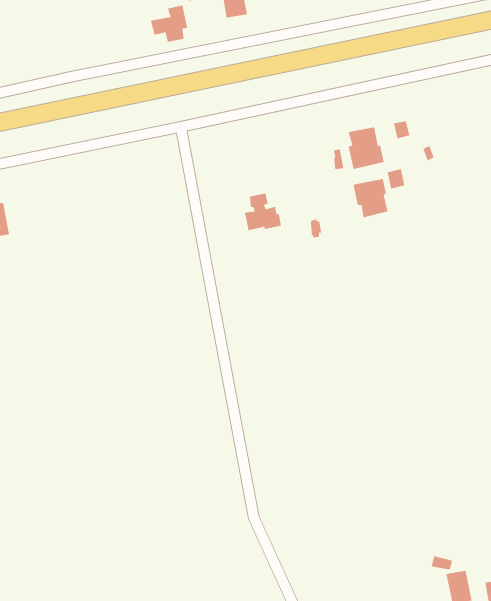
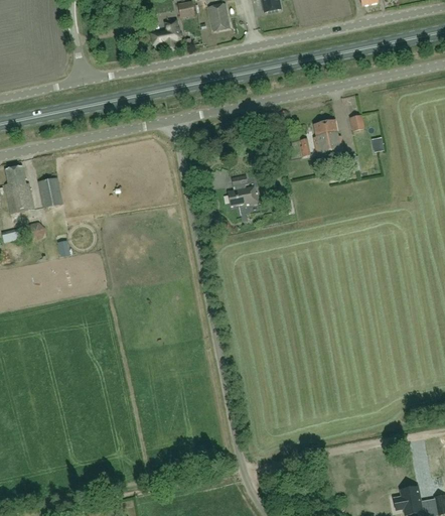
building: [353,178,388,218] -> none
building: none -> [37,177,61,207]

